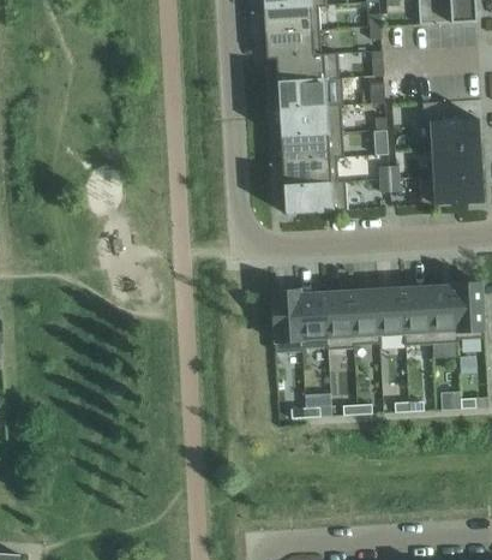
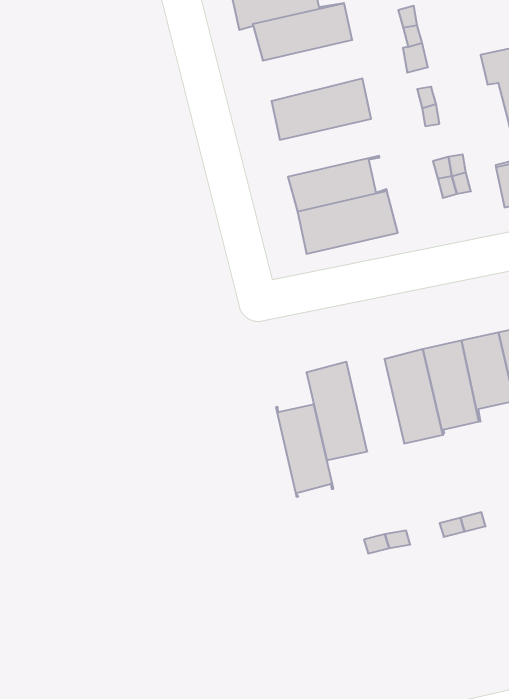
building: [277,78,341,109] -> none
building: [280,132,343,161] -> none
building: [299,290,328,351] -> [276,405,333,497]

